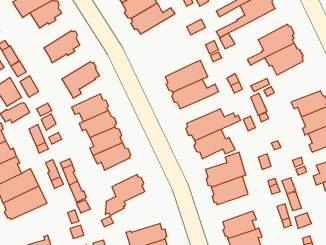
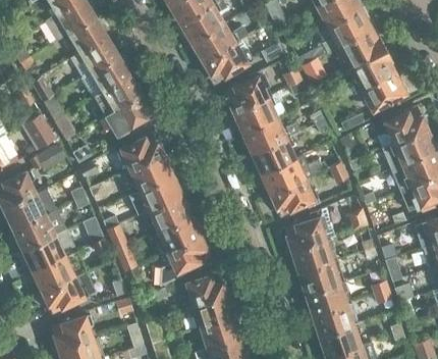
building: none -> [338,29,386,67]
building: none -> [71,34,119,78]
building: none -> [201,38,254,82]
building: none -> [225,70,273,113]
building: none -> [94,73,142,116]
building: none -> [379,108,428,148]
building: none -> [253,137,298,171]
building: none -> [159,214,200,252]
building: none -> [298,259,340,294]
building: none -> [42,270,98,312]
building: none -> [183,272,229,307]

